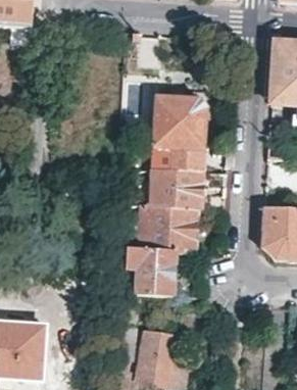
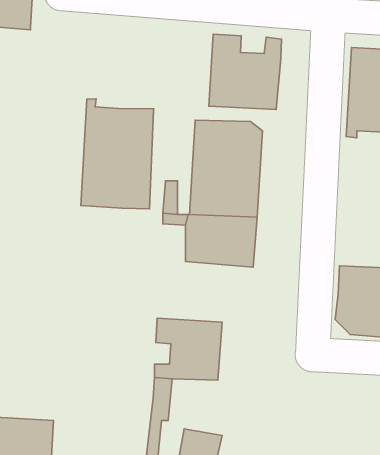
building: none -> [209,34,282,109]
building: none -> [81,99,154,209]
building: [128,202,200,249] -> none

